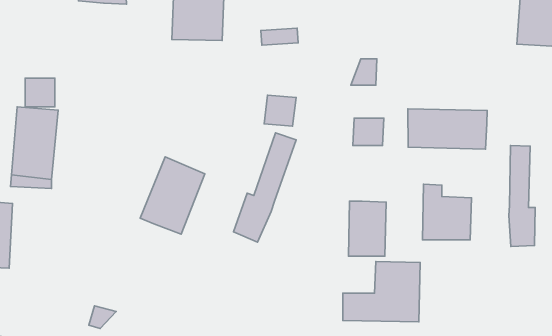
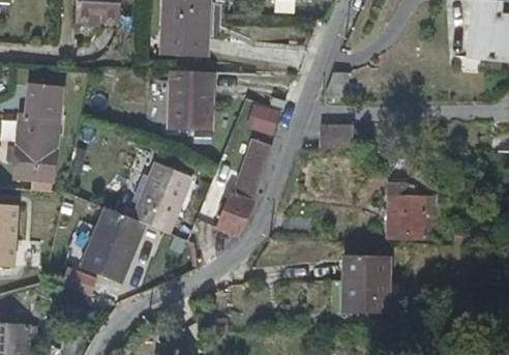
building: none -> [169,70,213,129]
building: [408,109,487,149] -> none
building: [509,145,535,247] -> none
building: [349,201,386,256] -> none
building: none -> [82,206,145,282]

